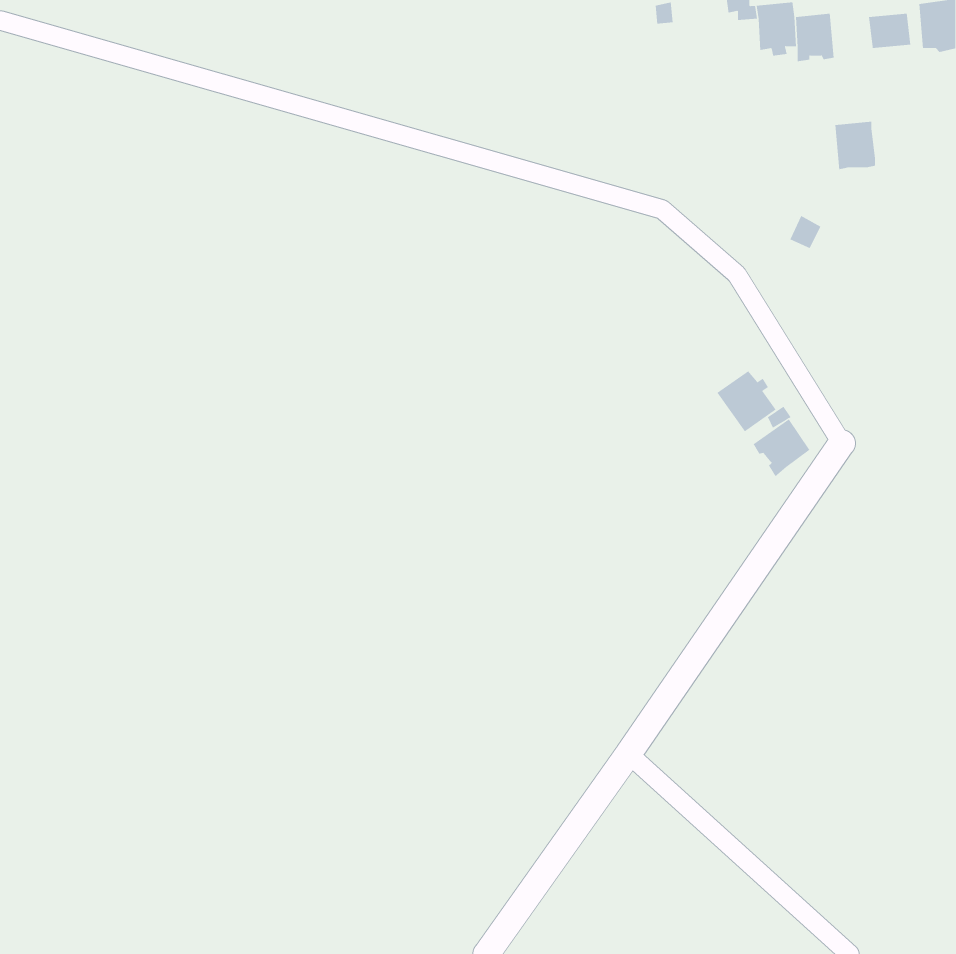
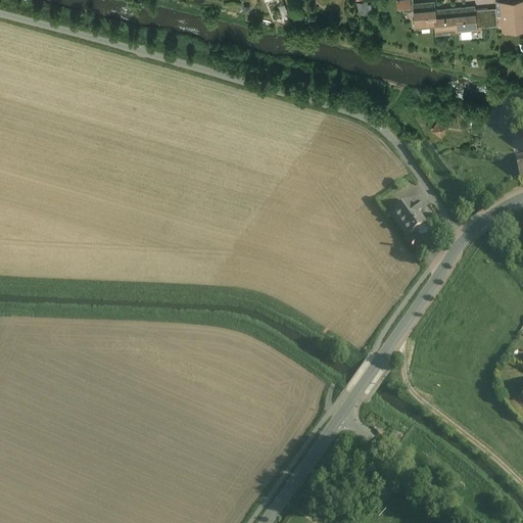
building: [835,121,876,170] -> [454,5,476,32]
building: [753,419,810,477] -> none

